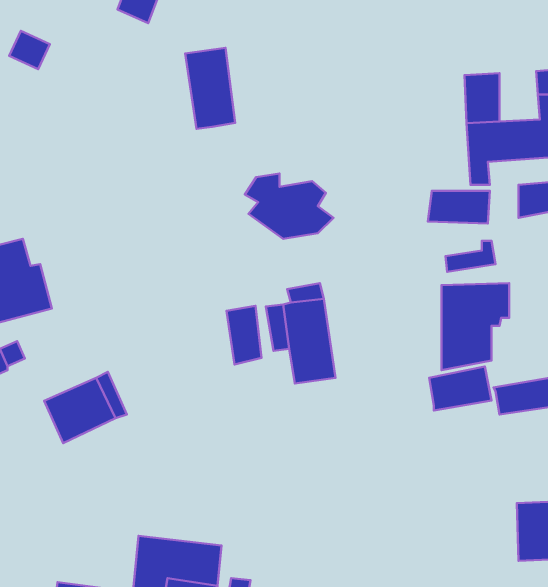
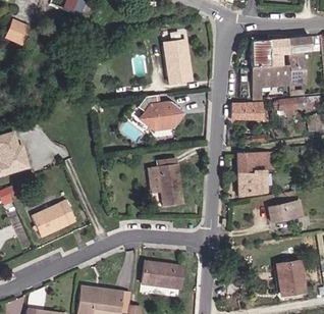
building: [185,48,235,129] -> [161,40,187,83]
building: none -> [269,40,290,66]
building: [227,306,261,364] -> none
building: [429,367,492,410] -> none
building: none -> [140,262,181,289]

